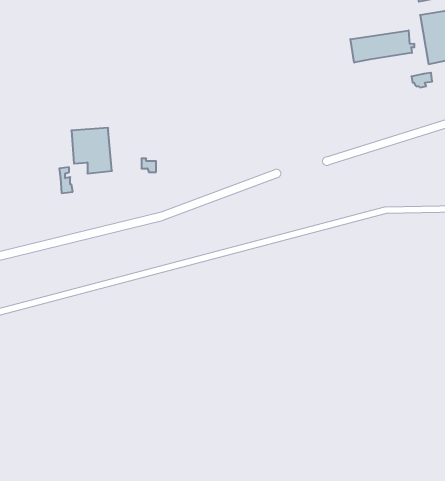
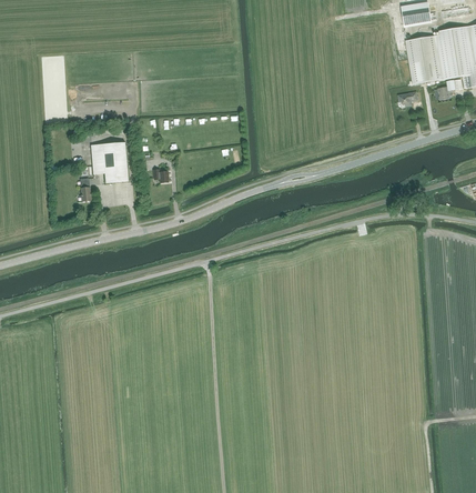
building: [350,30,414,63] -> none

